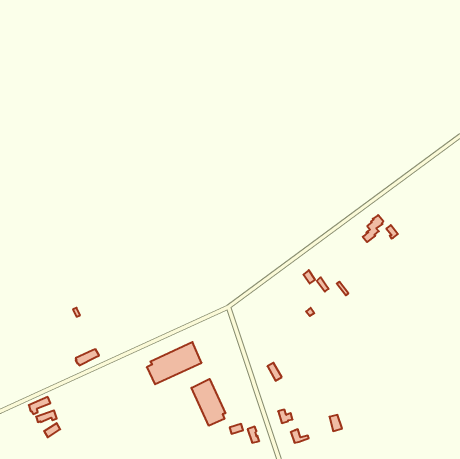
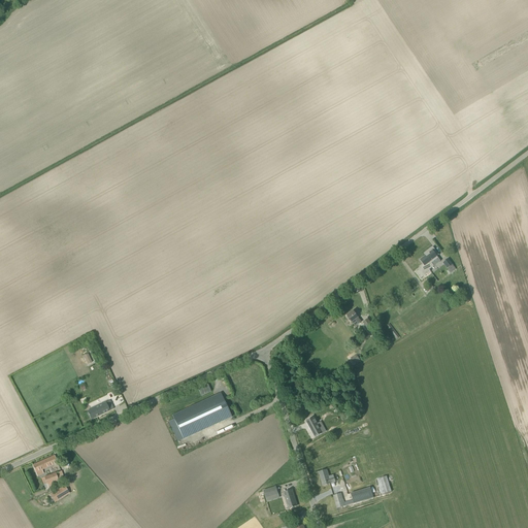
building: [191,379,225,426] -> none

